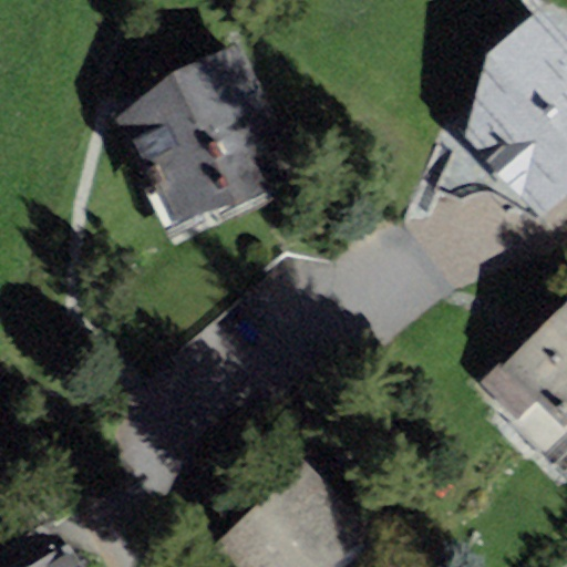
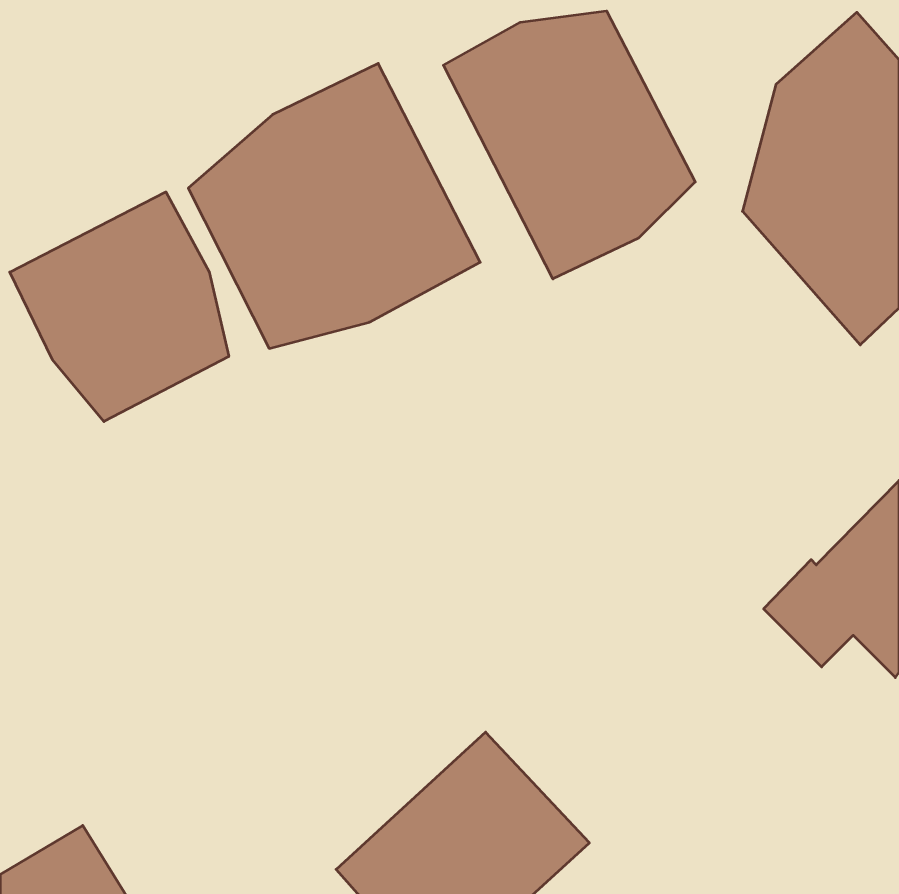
building: none -> [443,11,695,279]
building: none -> [10,192,229,422]

